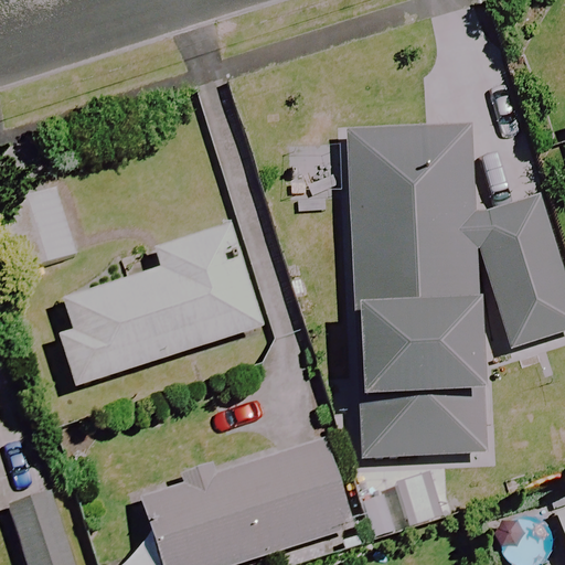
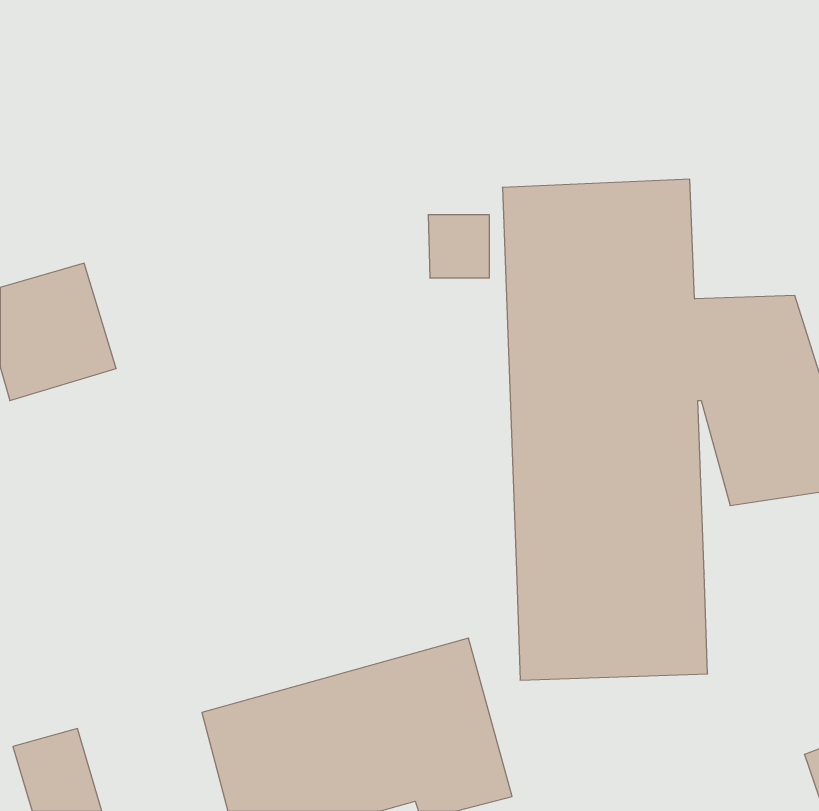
building: [60,224,263,384] -> none

